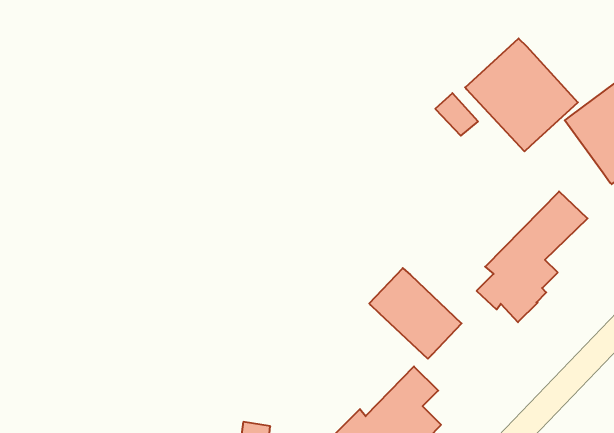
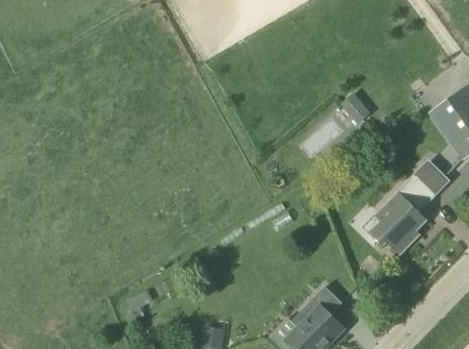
building: [465,38,578,151] -> none
building: [369,268,462,359] -> none

